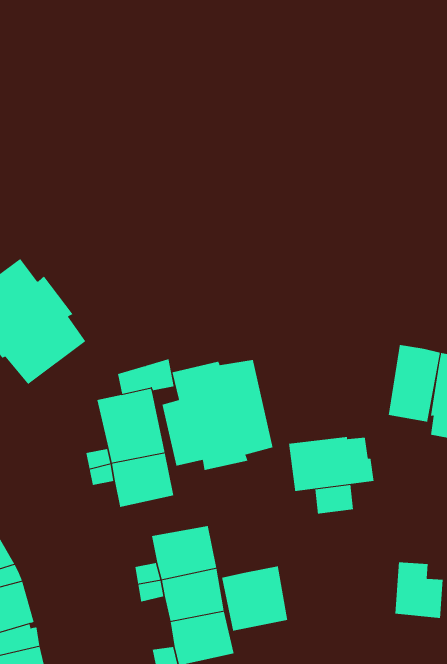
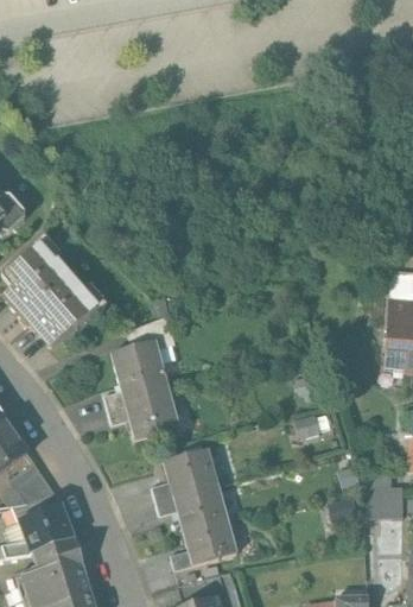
building: [388,344,440,422] -> none
building: [162,359,273,471] -> none
building: [289,436,374,492] -> none
building: [222,565,288,631] -> none

